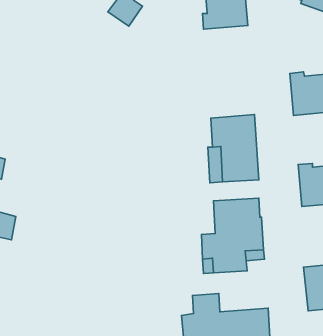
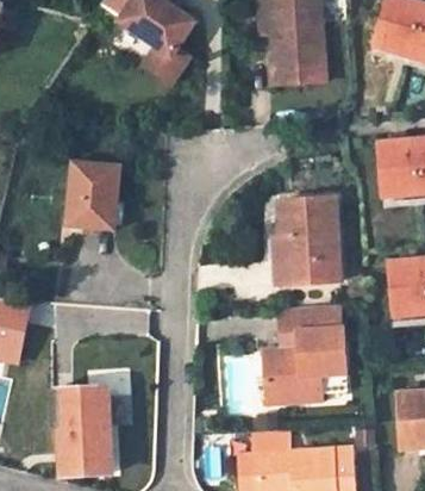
building: none -> [65,162,119,228]
building: none -> [61,386,108,476]

